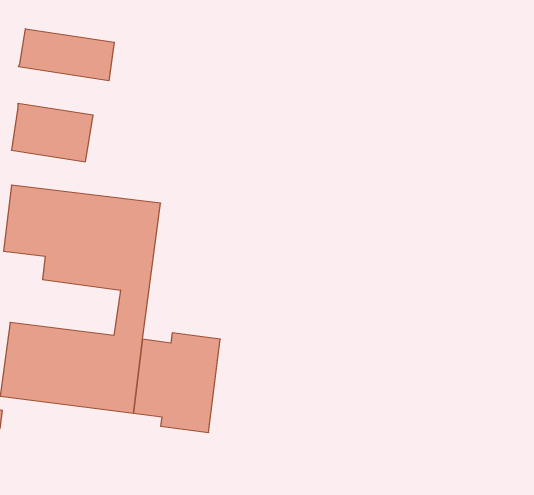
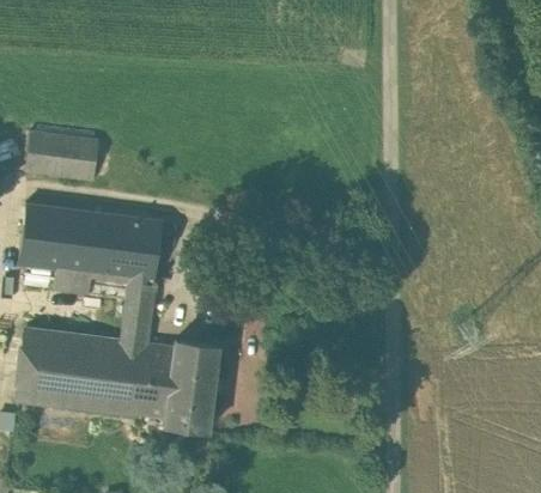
building: [19,29,114,81] -> none

